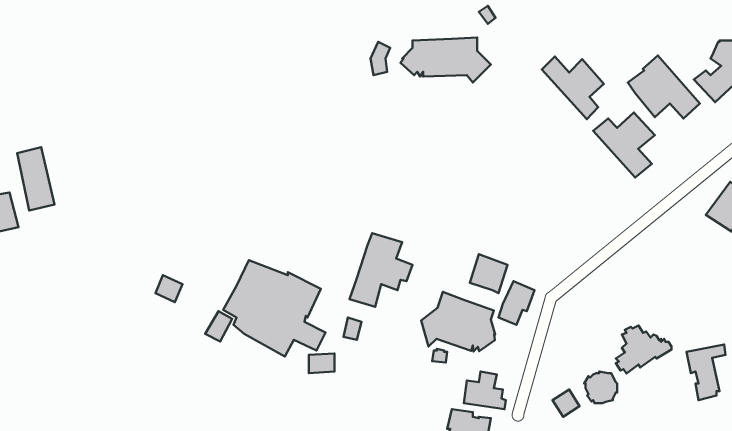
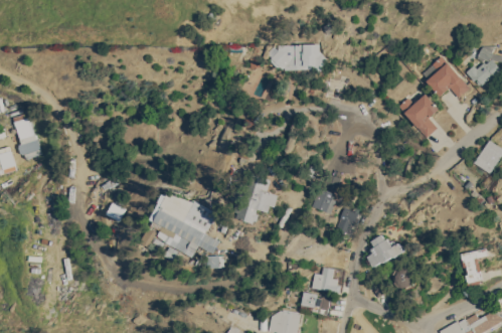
building: [542,56,604,119] -> none
building: [421,292,495,352] -> none
building: [616,325,672,374] -> [367,234,404,267]

